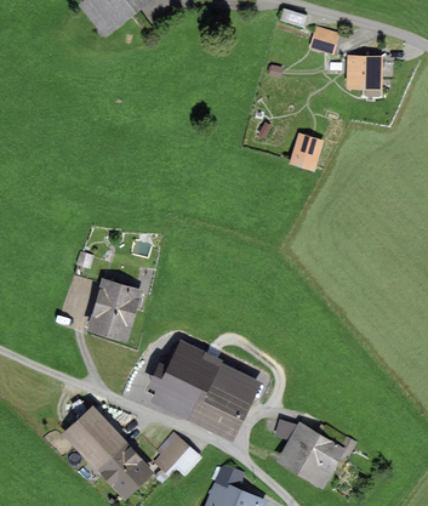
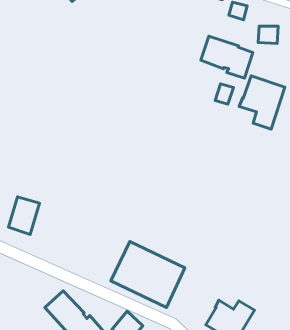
building: none -> [201,36,253,78]
building: none -> [239,76,285,129]
building: [93,280,135,330] -> [8,197,39,234]

